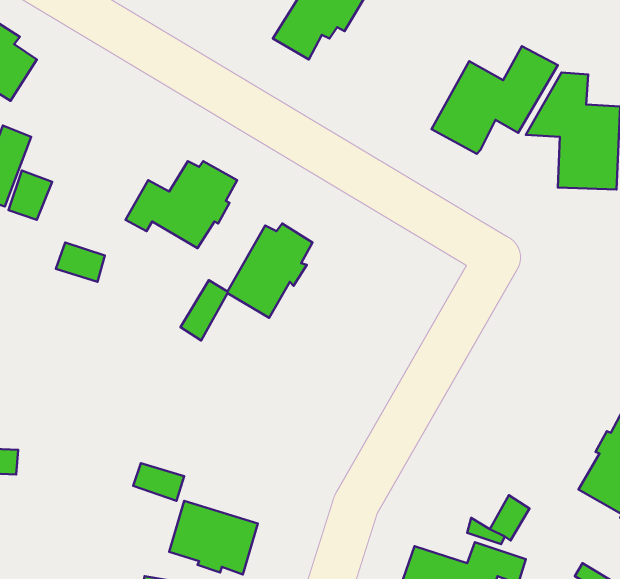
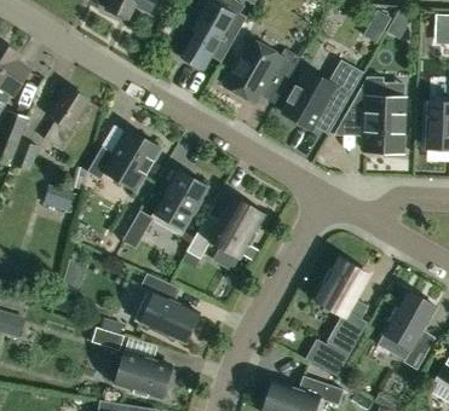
building: none -> [224,39,300,103]
building: none -> [45,86,99,151]
building: none -> [188,197,265,259]
building: none -> [316,257,370,331]
building: none -> [136,273,200,342]

